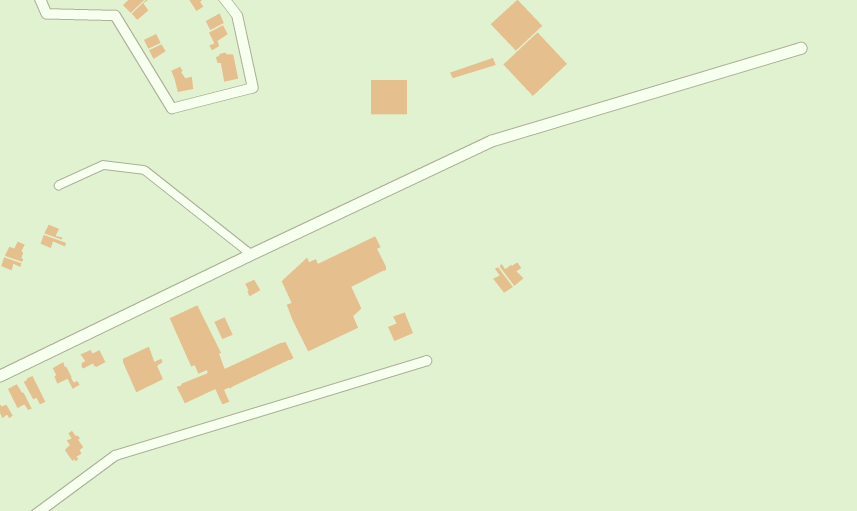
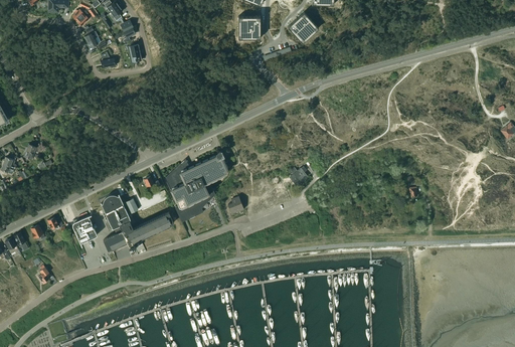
building: [502,32,568,97] -> none
building: [370,79,408,115] -> [238,17,261,38]

